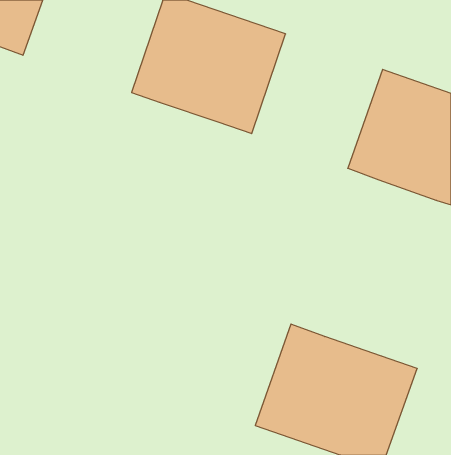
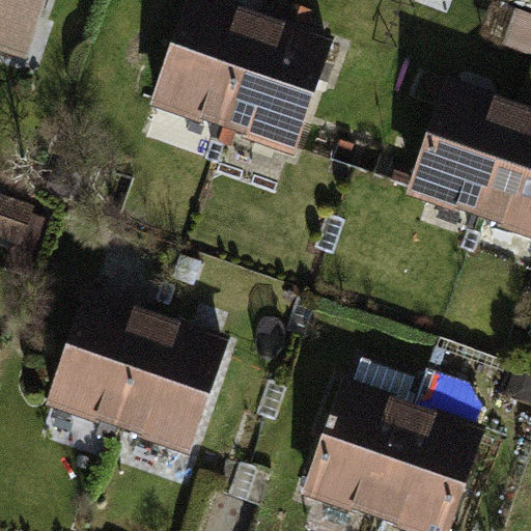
building: none -> [39,284,234,460]

